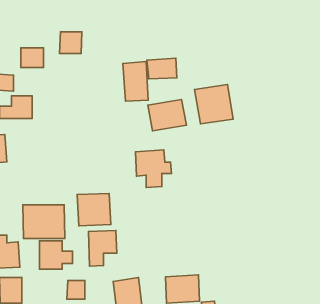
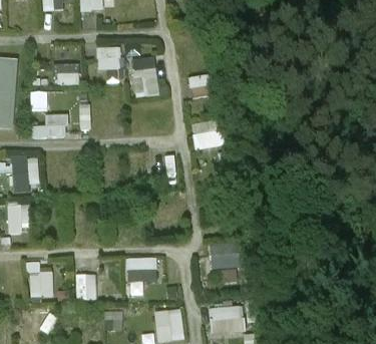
building: [123,61,148,101] -> [130,56,157,98]
building: [195,85,233,124] -> none
building: [136,150,171,188] -> [209,242,247,282]
building: [77,193,111,226] -> none
building: [23,205,65,239] -> none

